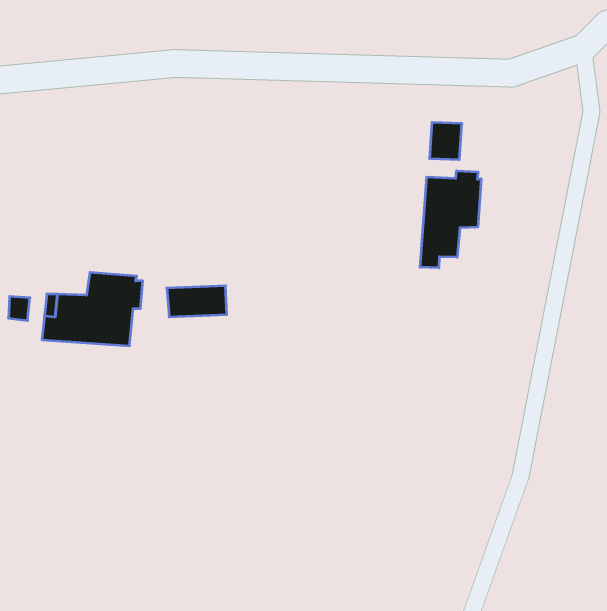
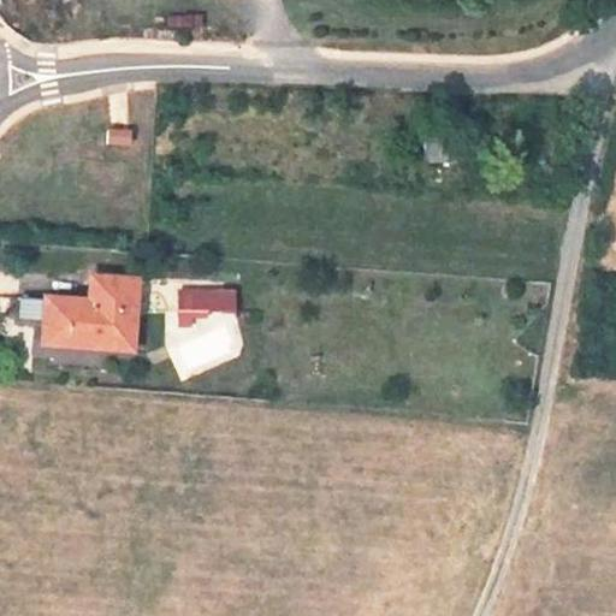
building: [420,171,481,268] -> none

